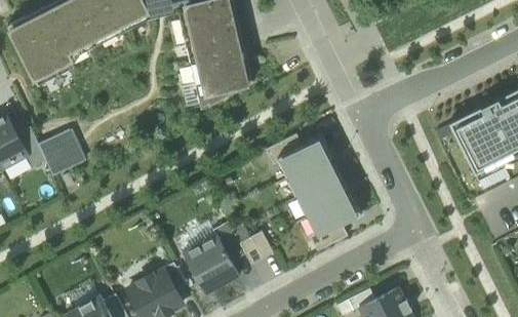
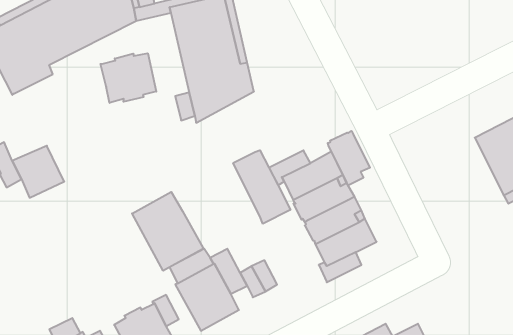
building: none -> [100,53,156,103]
building: none -> [328,131,370,185]
building: none -> [233,150,290,224]
building: none -> [132,192,203,271]

